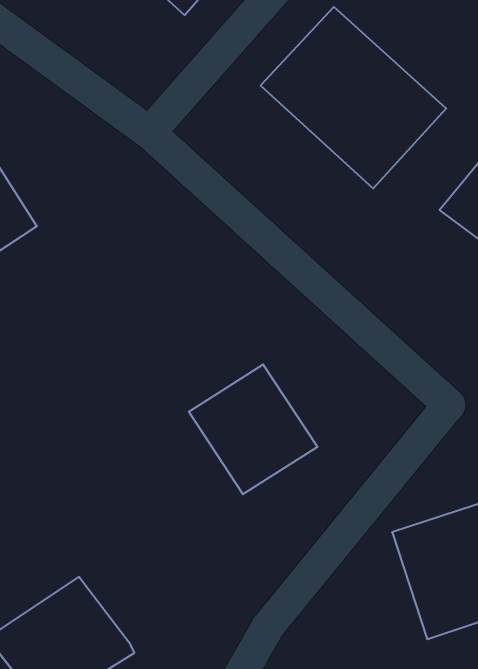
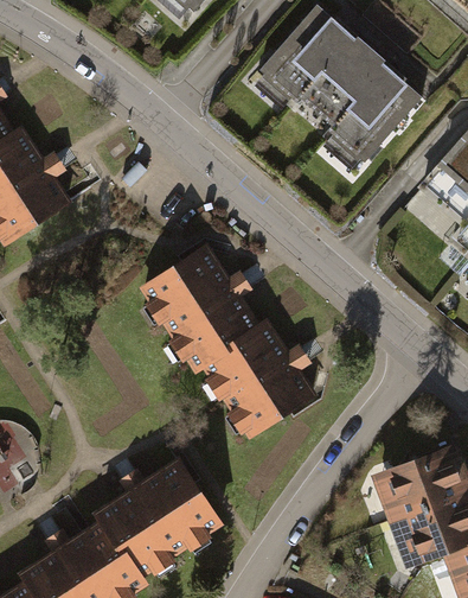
building: none -> [139,248,256,370]
building: none -> [95,447,226,570]

